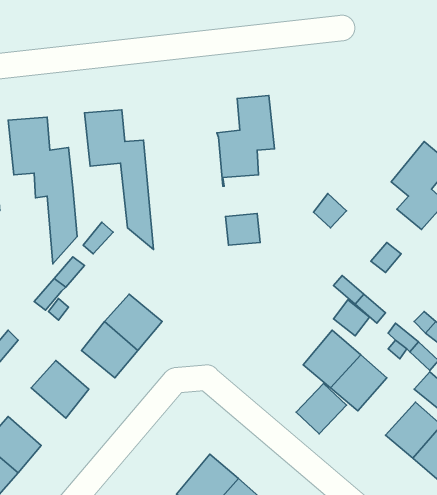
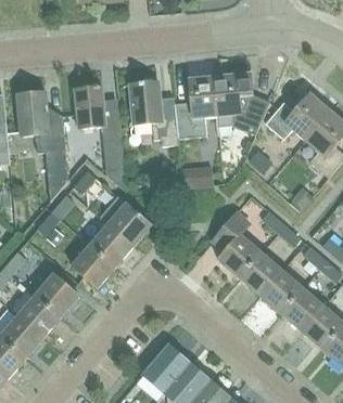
building: none -> [213,72,269,133]
building: none -> [129,80,178,145]
building: none -> [265,92,330,140]
building: none -> [99,196,151,245]
building: none -> [212,211,261,277]
building: none -> [280,287,323,330]
building: none -> [16,295,60,338]

